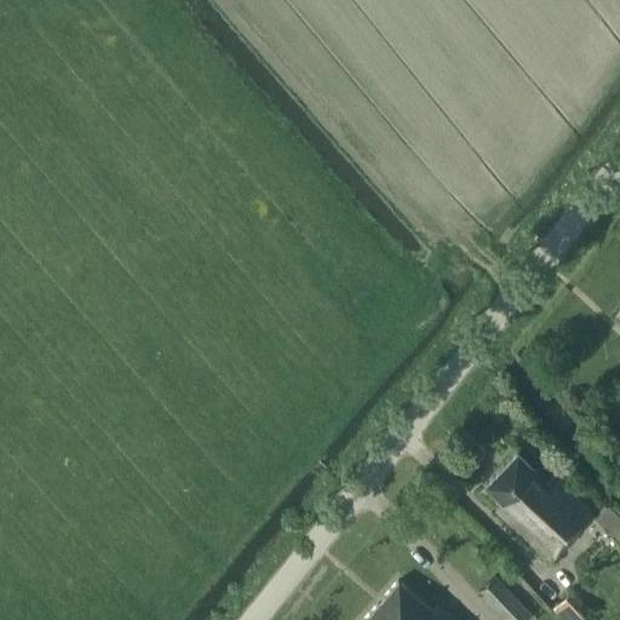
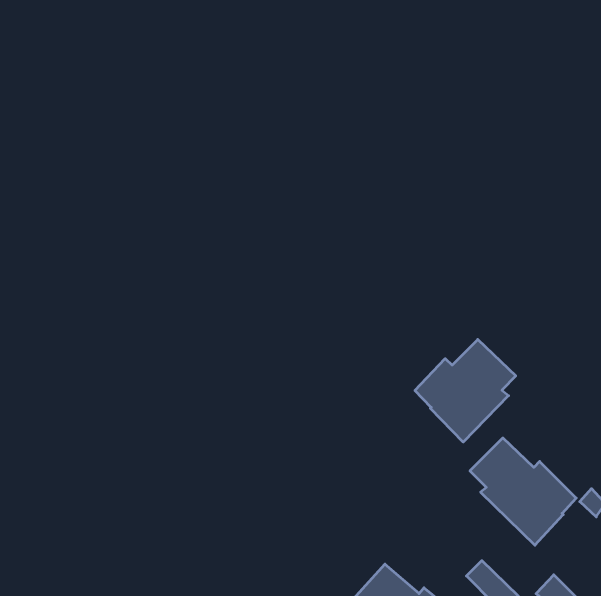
building: none -> [415,339,516,442]

